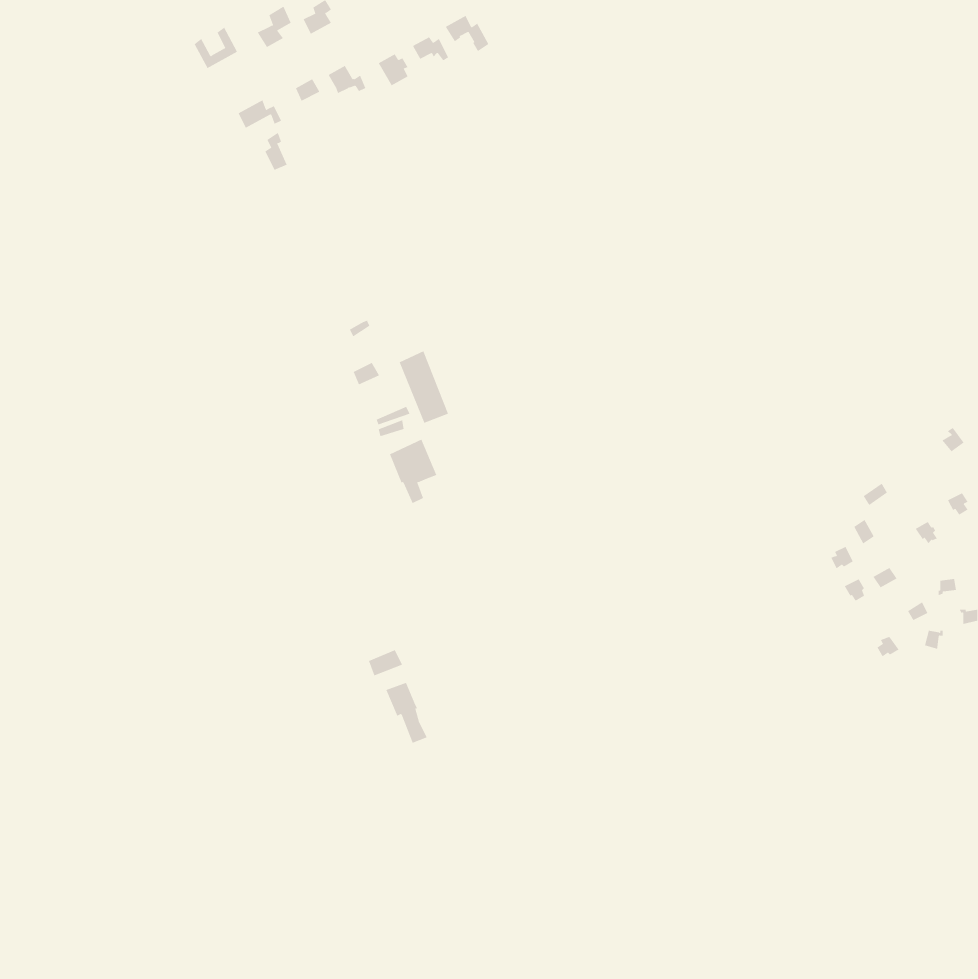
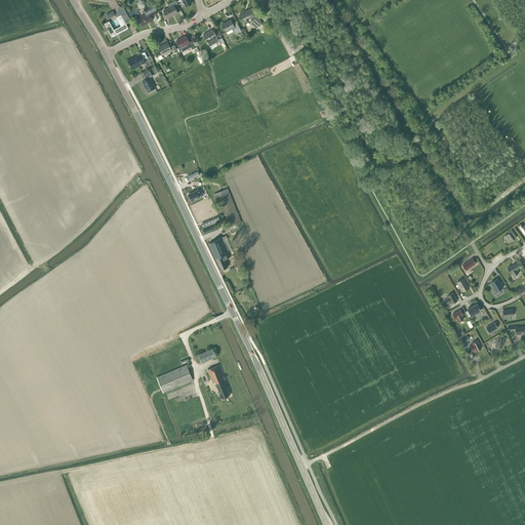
building: none -> [156,364,192,392]

